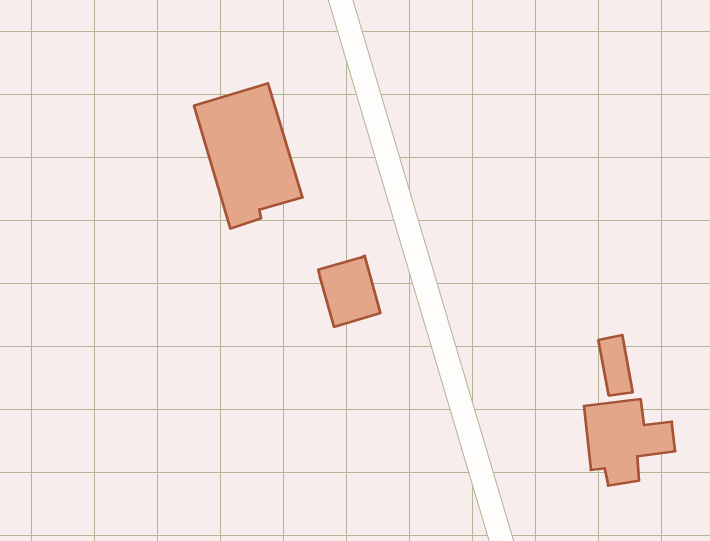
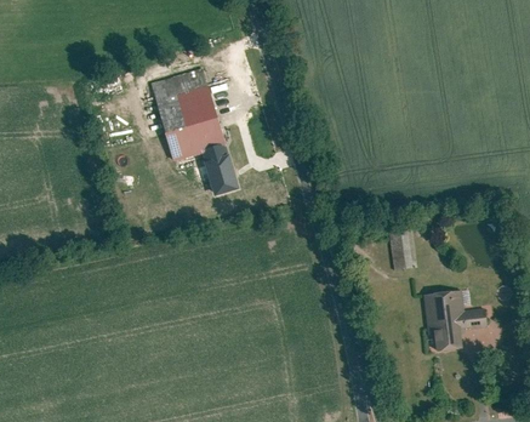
building: [318,256,380,327] -> [196,147,240,196]
building: [598,335,633,395] -> [388,227,412,269]

